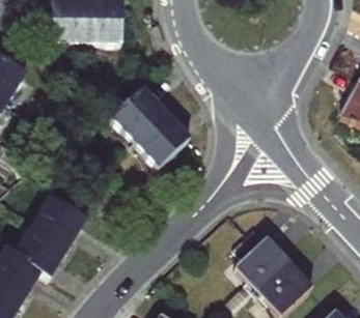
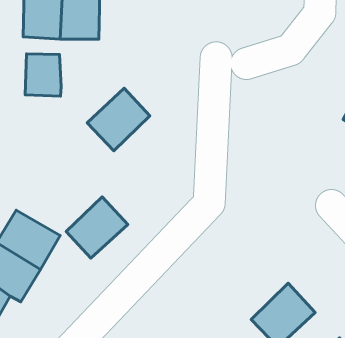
building: none -> [25,54,61,96]
building: [135,111,190,166] -> [66,197,128,258]
building: [234,236,290,292] -> none

